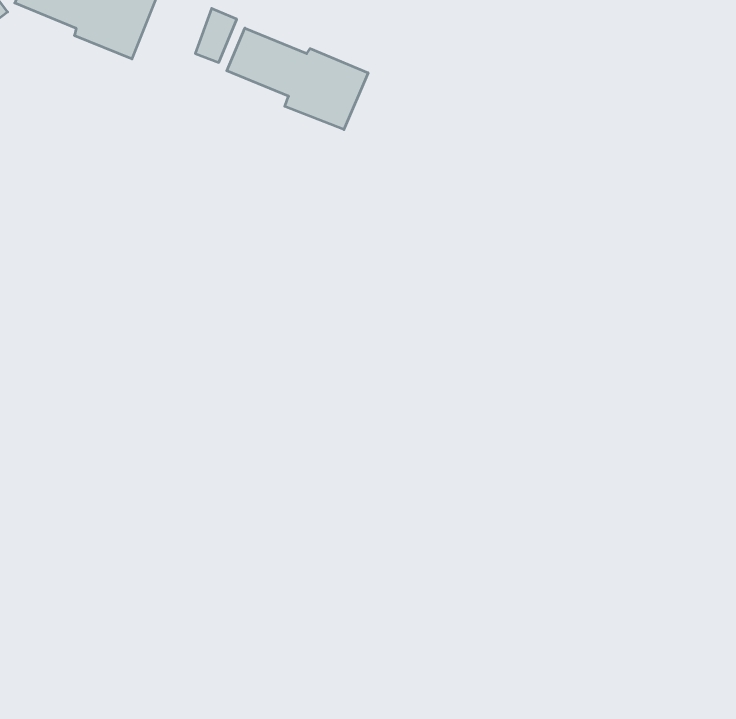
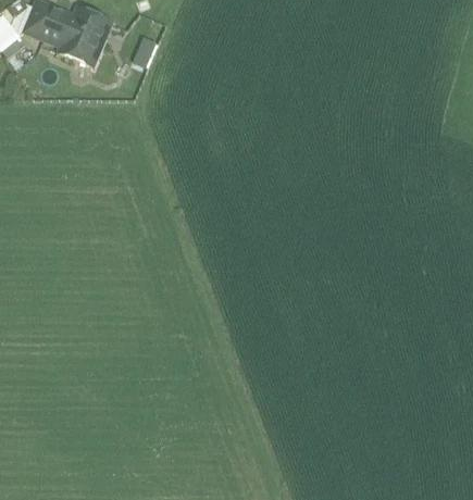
building: [227,28,368,130] -> none

